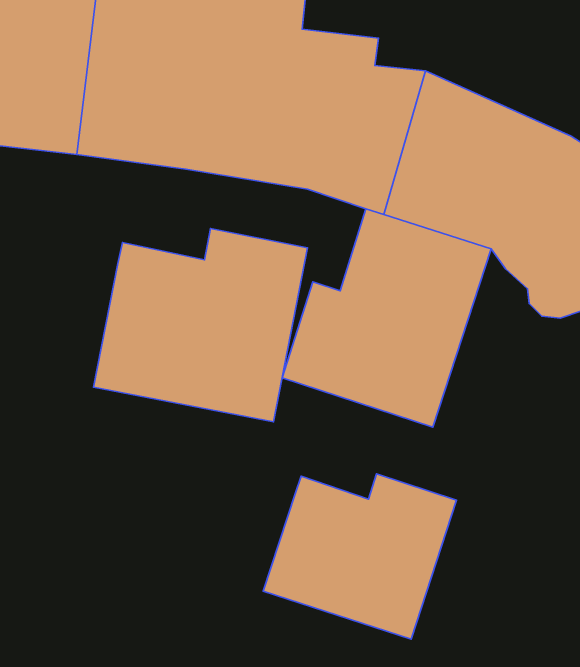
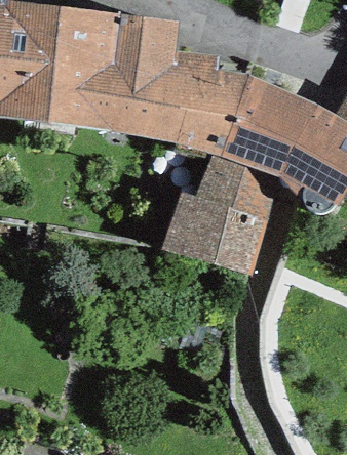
building: [93,228,308,422] -> none
building: [263,474,456,639] -> none

